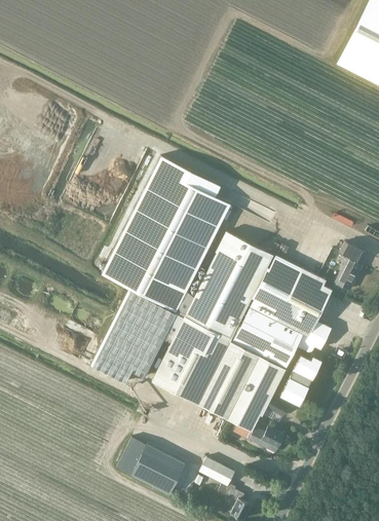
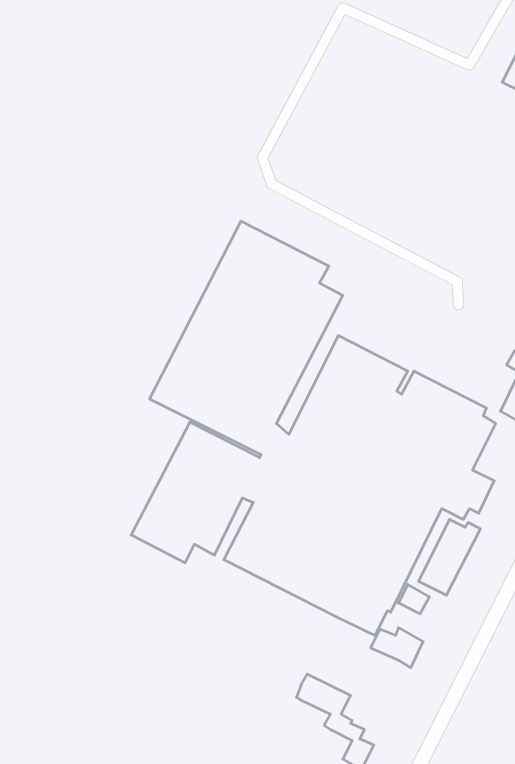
building: [116,438,186,495] -> none

